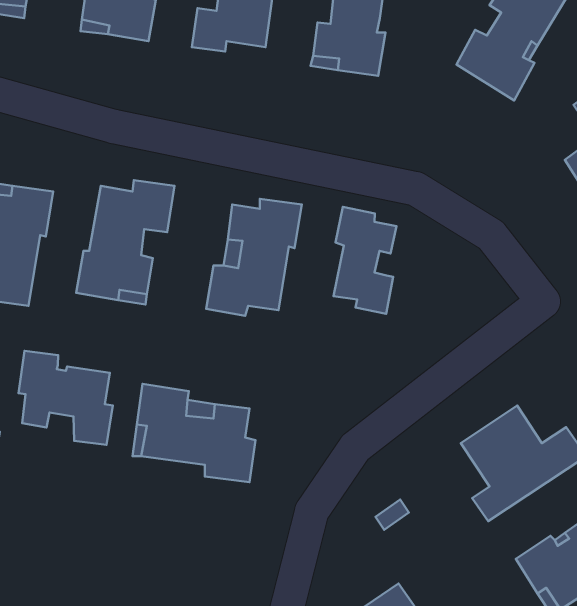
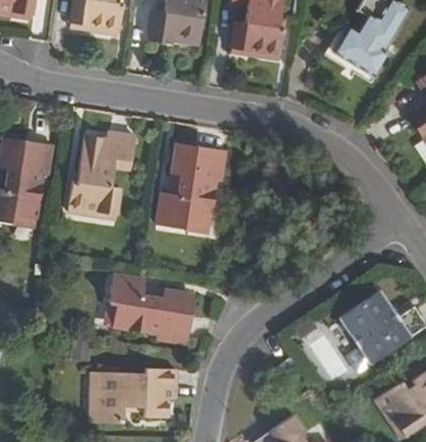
building: [333,207,396,314] -> none
building: [19,351,113,445] -> none
building: none -> [92,368,172,423]

